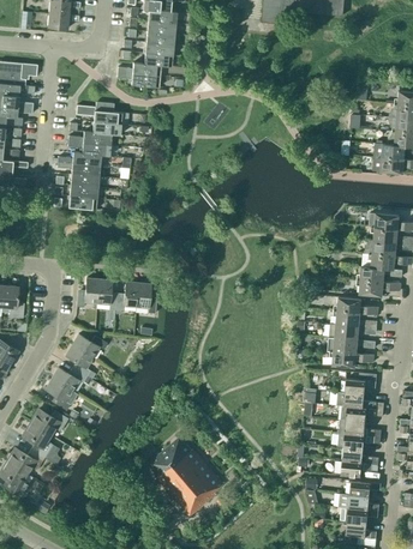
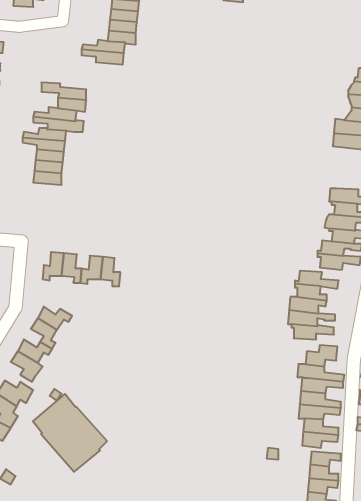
building: [148,436,223,515] -> [33,394,107,472]

